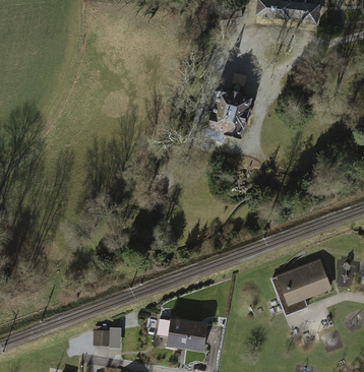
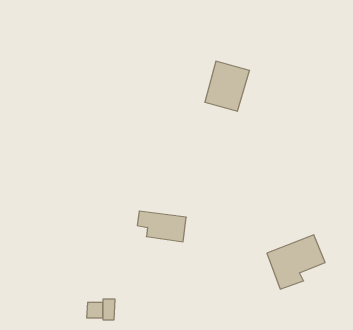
building: [157,318,205,349] -> [137,211,186,242]

